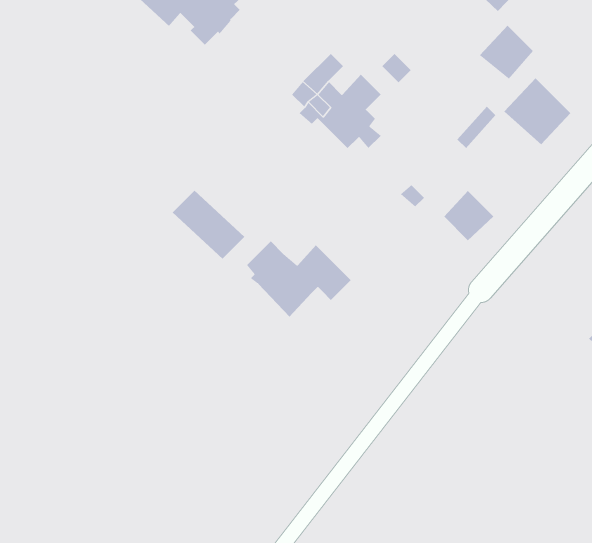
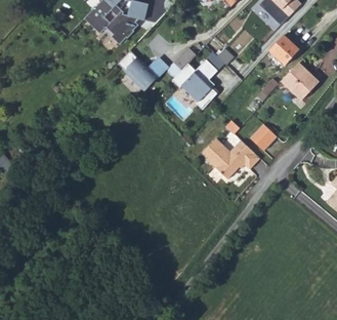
building: [172,190,245,259] -> [117,51,157,89]
building: [246,241,352,318] -> [202,138,259,181]

